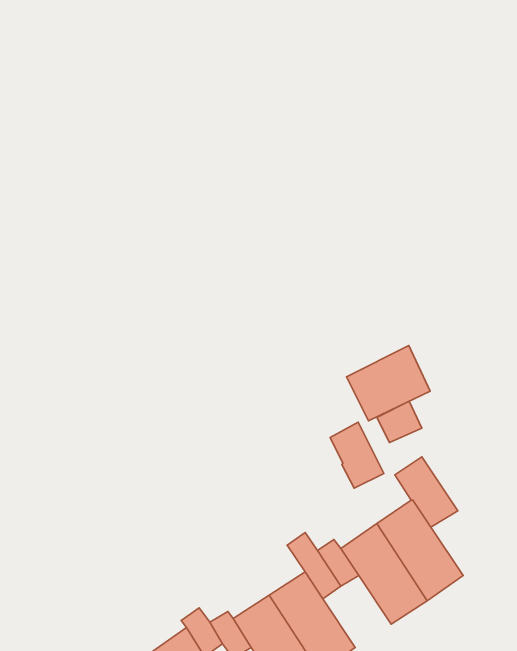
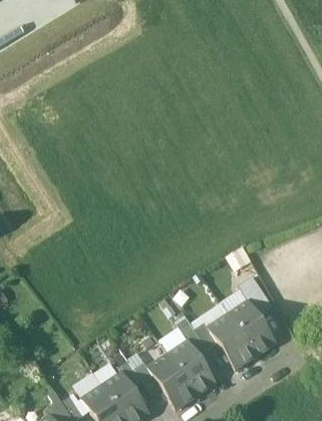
building: [346,346,430,421] -> none
building: [330,422,384,488] -> none

